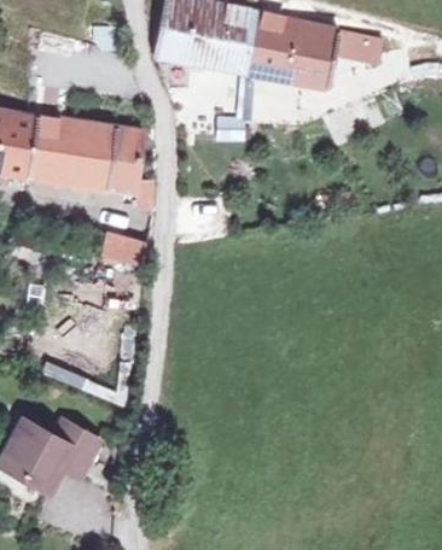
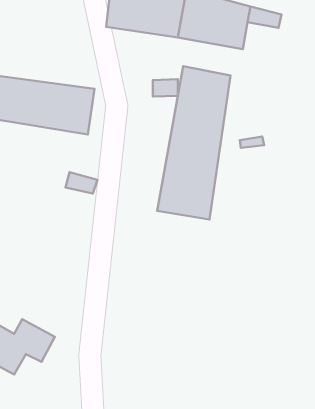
building: none -> [157,66,231,220]

